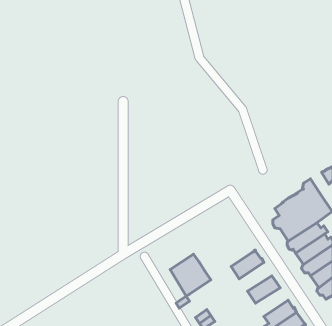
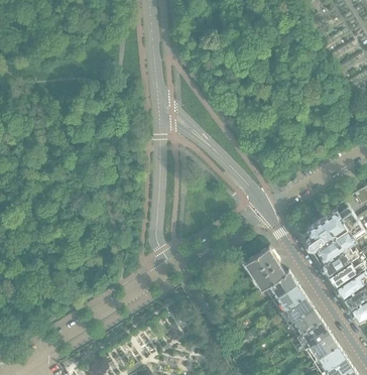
building: [170,254,211,296] -> [246,248,286,289]
building: none -> [273,283,305,311]
building: none -> [289,308,322,337]

